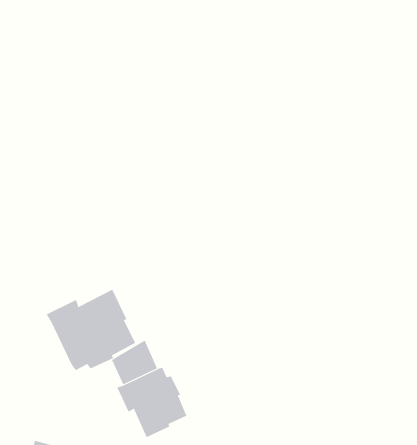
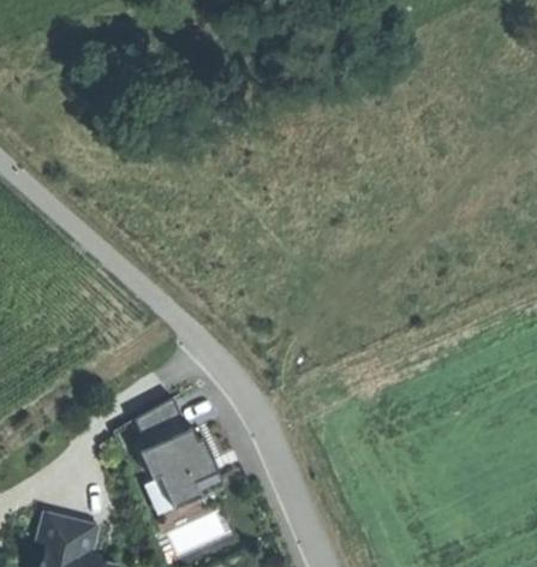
building: [46,289,136,371] -> none

